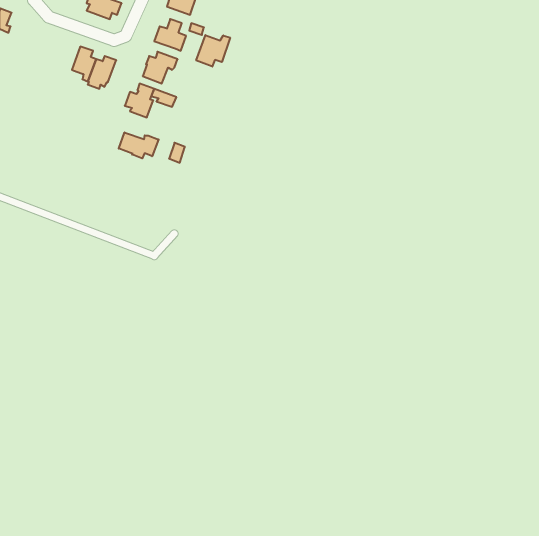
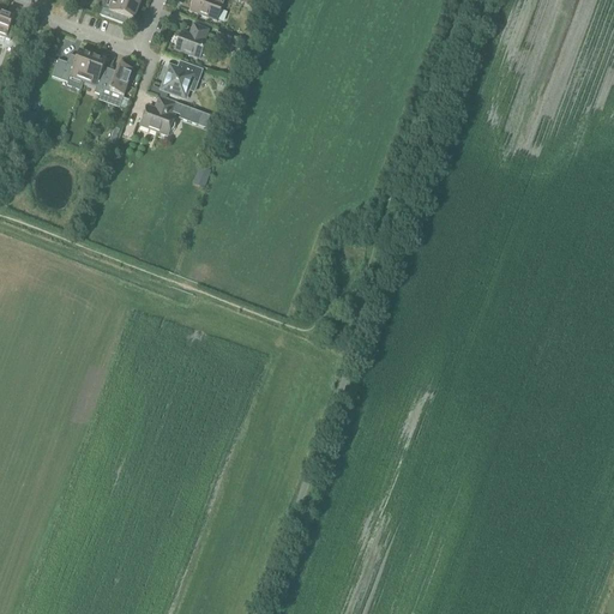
building: [196,35,230,67] -> none
building: none -> [50,48,91,86]
building: [119,132,159,158] -> none

